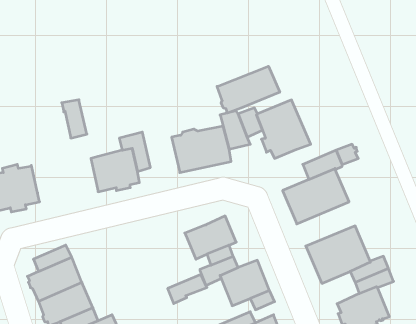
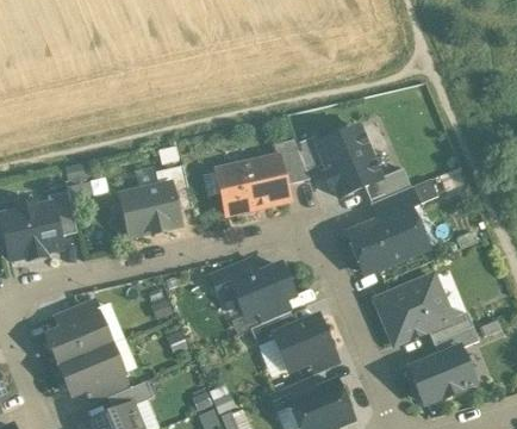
building: [217,66,280,113] -> none
building: [62,100,87,138] -> [46,191,76,236]
building: none -> [363,168,410,203]
building: [168,274,207,304] -> [210,259,256,293]

